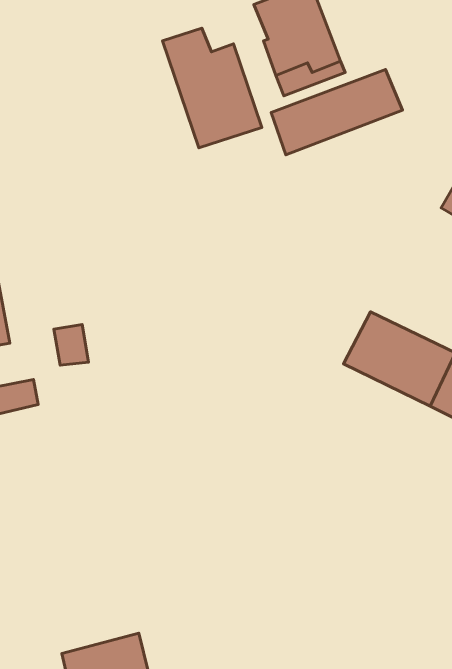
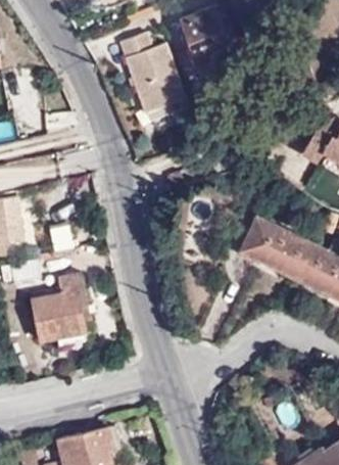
building: [271,70,403,155] -> none
building: none -> [30,275,92,340]

